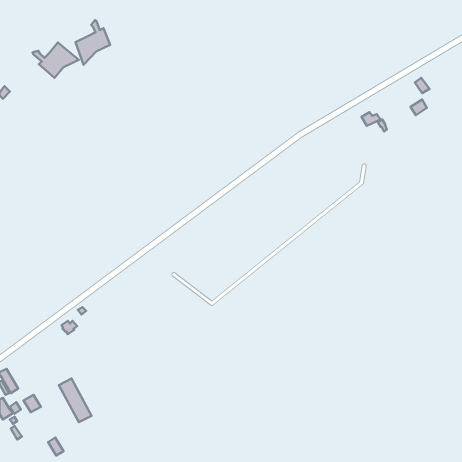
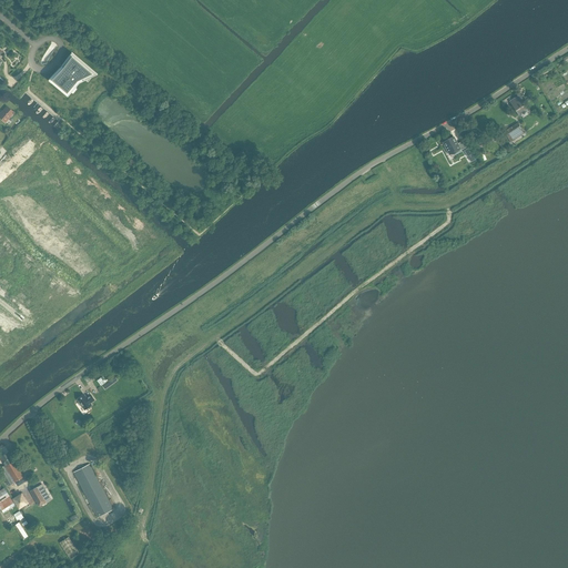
building: [75,20,110,65] -> none

